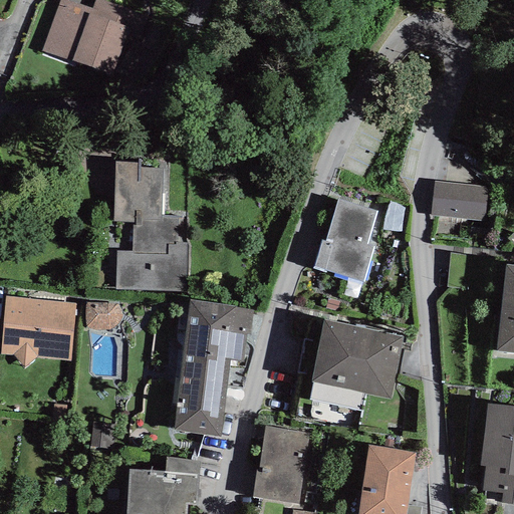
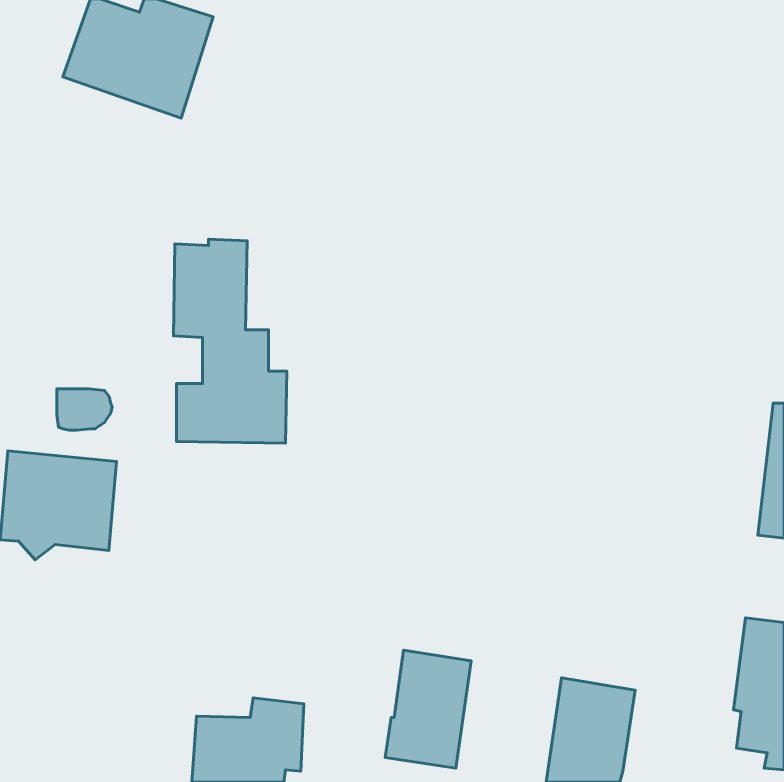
building: [431,180,490,222] -> none
building: [312,199,376,281] -> none
building: [174,299,252,437] -> none
building: [85,302,121,329] -> [57,389,112,430]
building: [309,319,402,410] -> none

